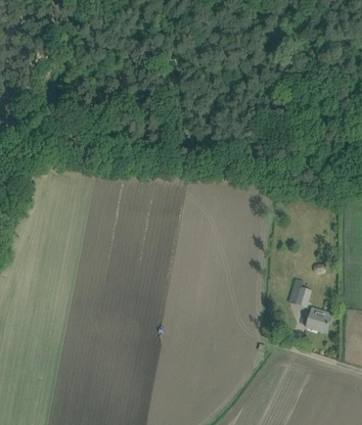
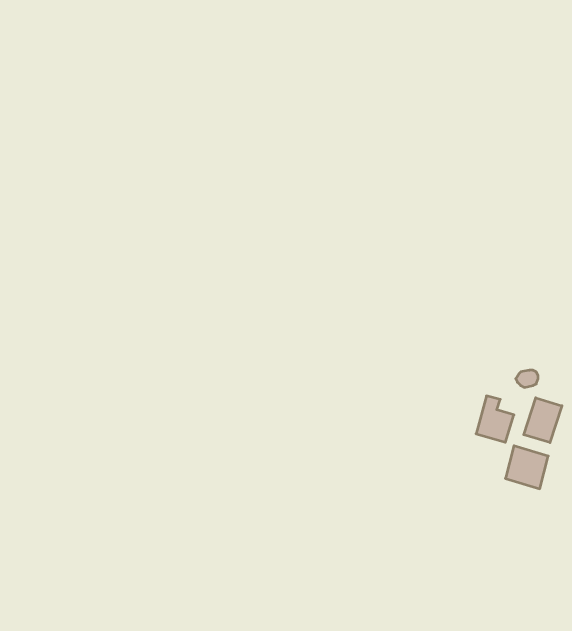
building: none -> [524,398,562,443]

